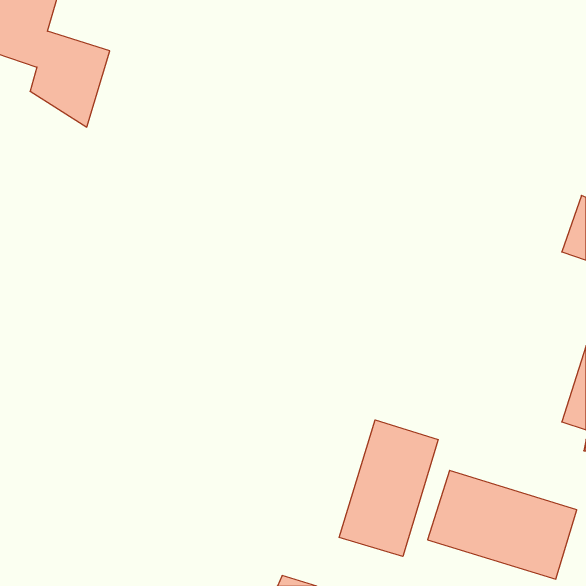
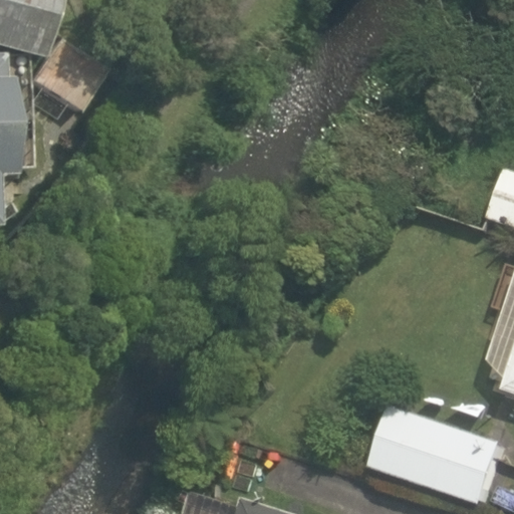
building: [339,420,438,556] -> none

